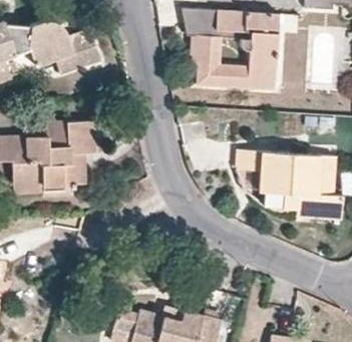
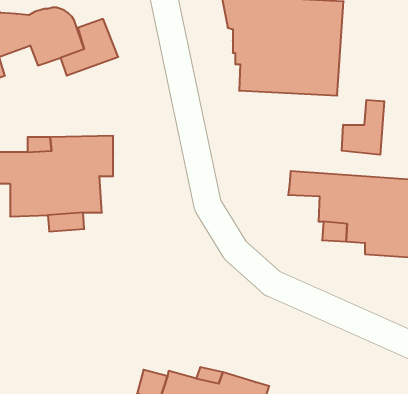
building: none -> [342,100,384,155]

